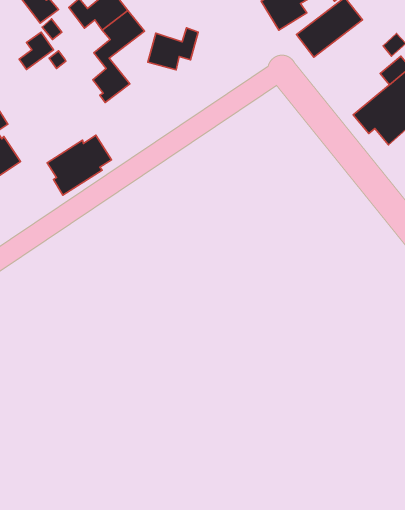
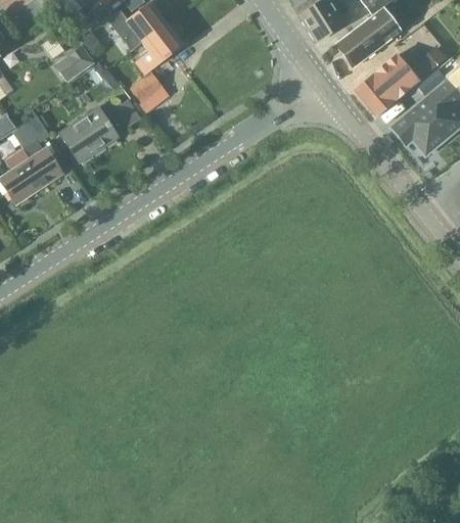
building: [148,28,198,70] -> none
building: none -> [355,56,414,116]
building: [47,135,111,195] -> [64,101,128,160]

